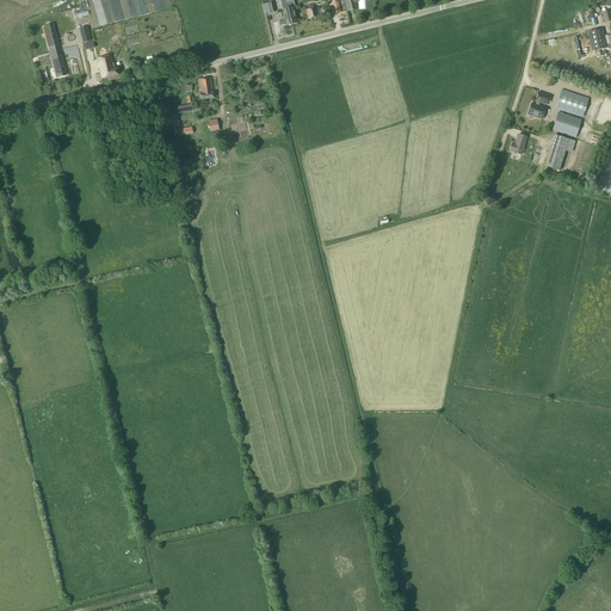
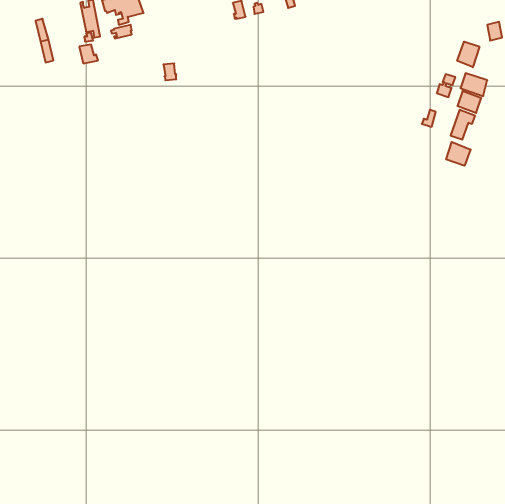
building: none -> [457,42,479,67]
building: none -> [446,142,471,166]

